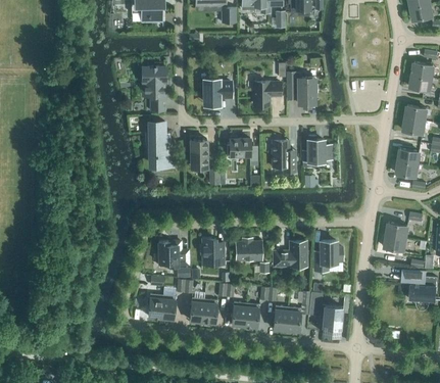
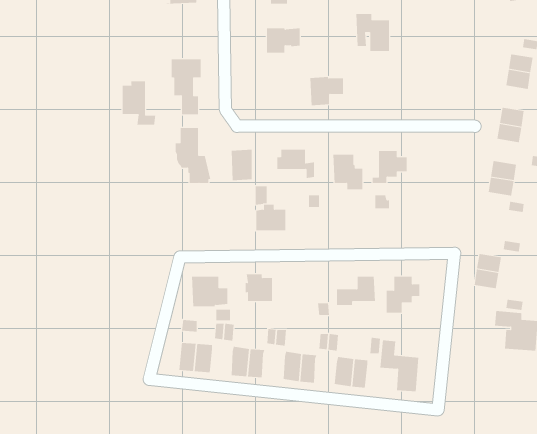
building: [287,73,314,103] -> [355,13,390,52]
building: [204,82,232,102] -> [266,28,301,53]
building: none -> [122,80,156,125]
building: [237,238,261,259] -> [256,204,286,231]

